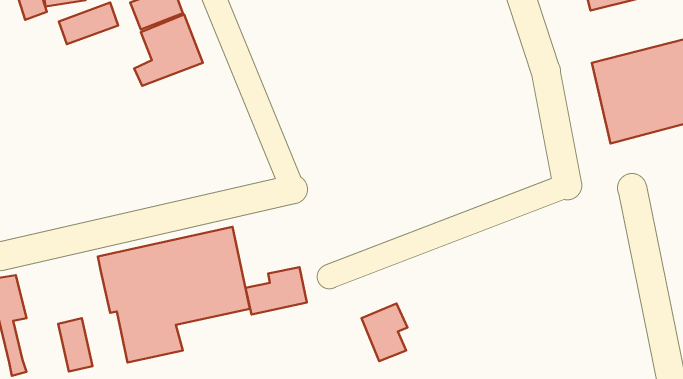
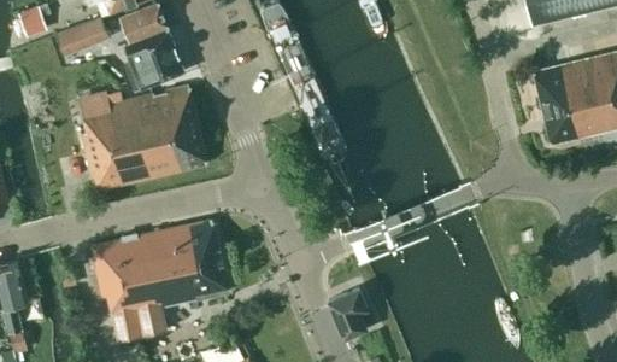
building: none -> [78,86,206,191]
building: [245,267,307,315] -> none
building: [58,318,92,372] -> none

